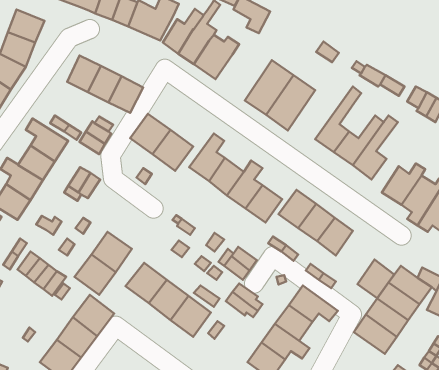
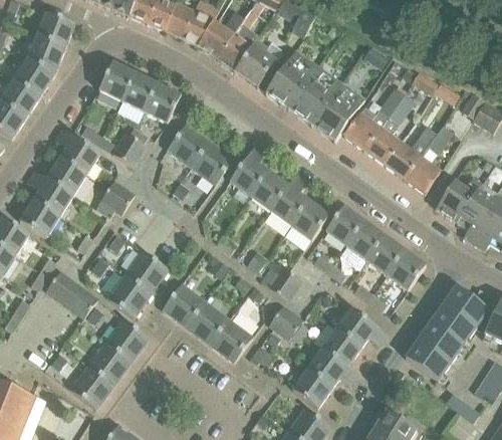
building: none -> [265,50,318,109]
building: none -> [344,87,405,151]
building: [358,260,394,298] -> [387,249,426,290]

